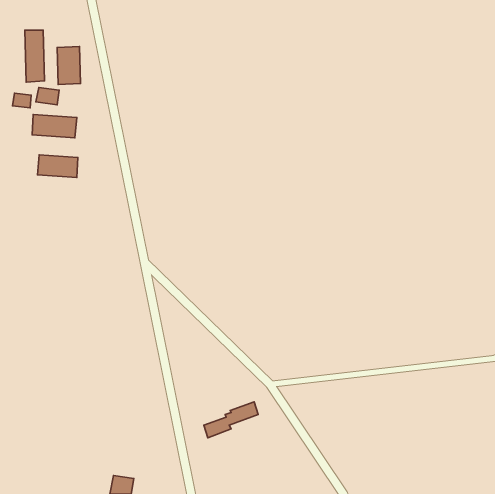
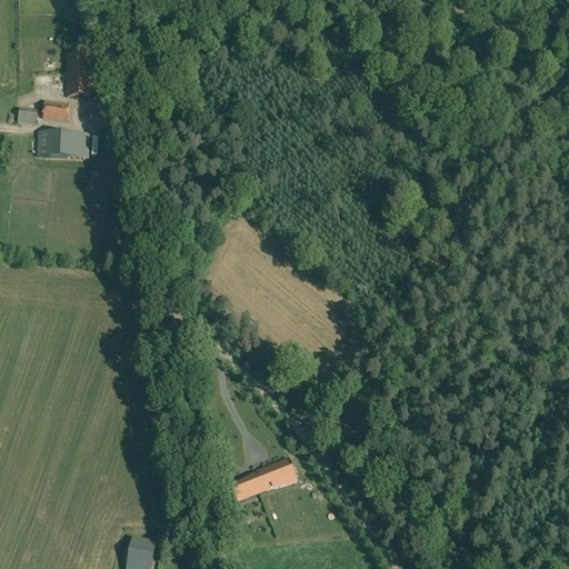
building: [25,30,44,82] -> none
building: [37,155,78,177] -> none

